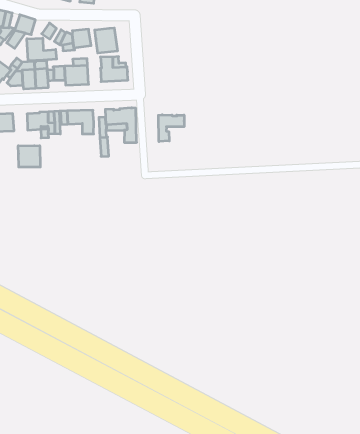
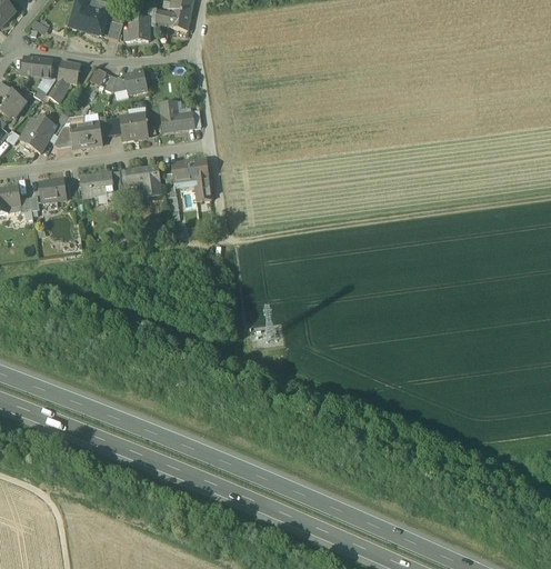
building: [95,28,117,53] -> none
building: [27,38,57,61] -> none
building: [158,115,184,142] -> none
building: [18,146,40,167] -> none

